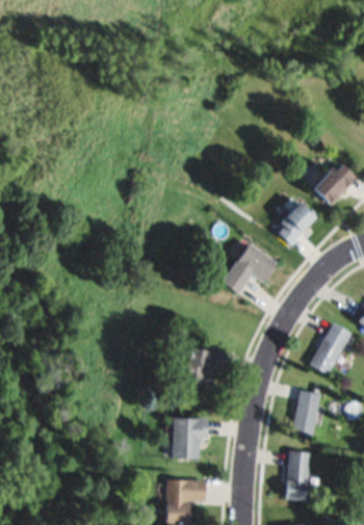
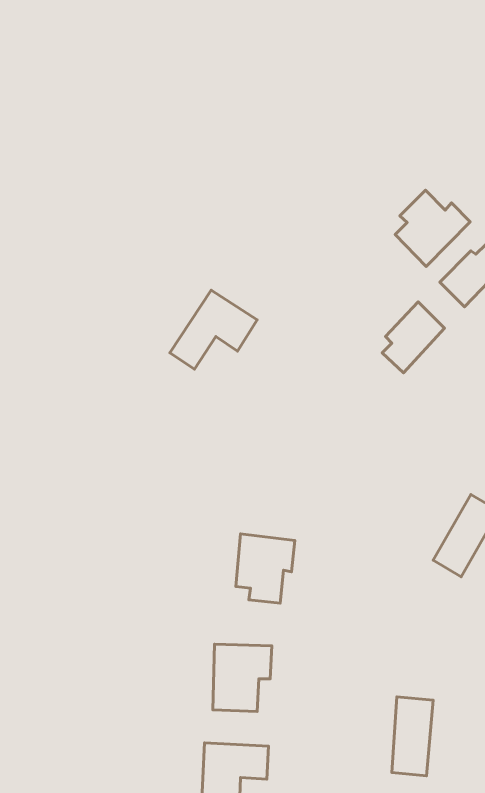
building: none -> [395,190,470,267]
building: [222,243,277,293] -> [170,290,257,369]
building: [291,390,320,438] -> none

